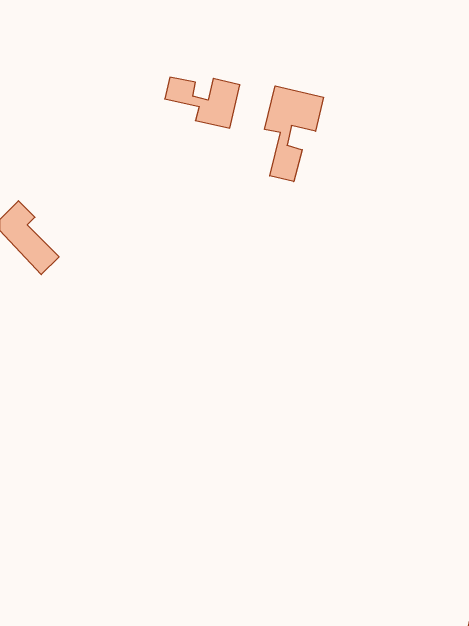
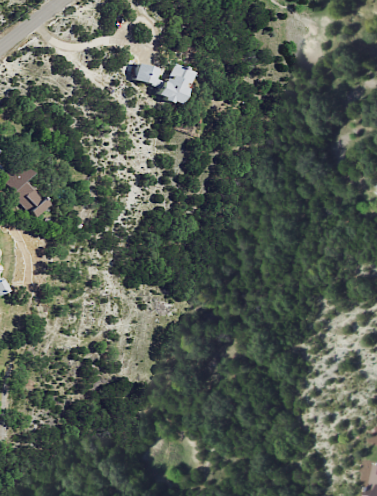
building: [265,86,323,182] -> none

